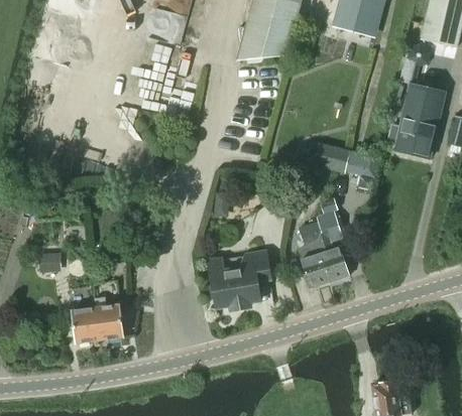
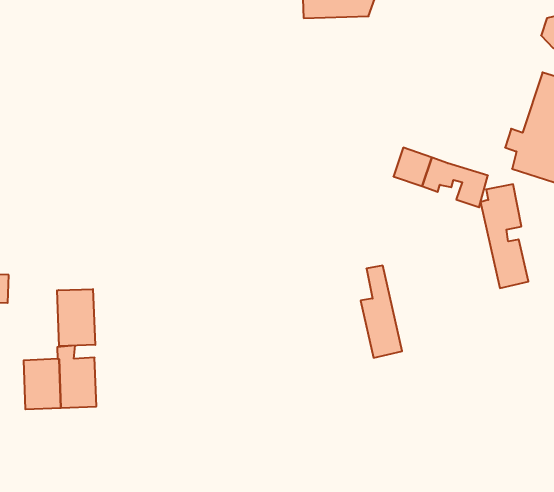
building: [312,210,349,281] -> [481,184,528,288]
building: [209,251,270,309] -> none
building: none -> [57,289,95,346]

